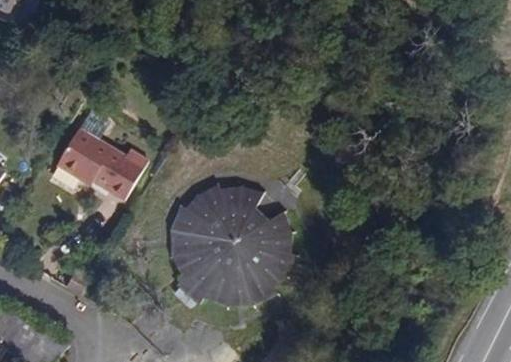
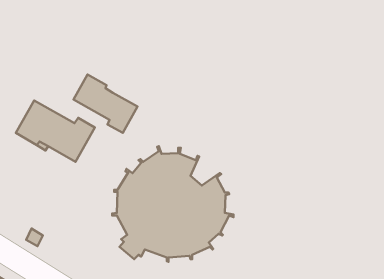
building: none -> [74,75,138,133]

